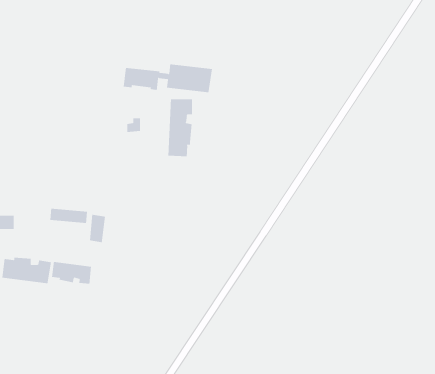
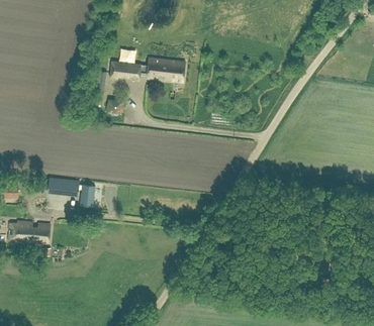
building: [168,98,192,157] -> none
building: [51,261,91,284] -> none

